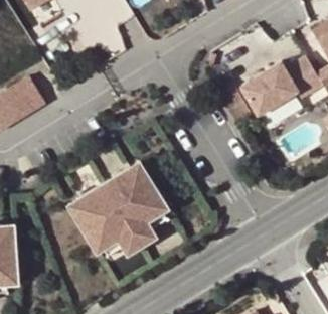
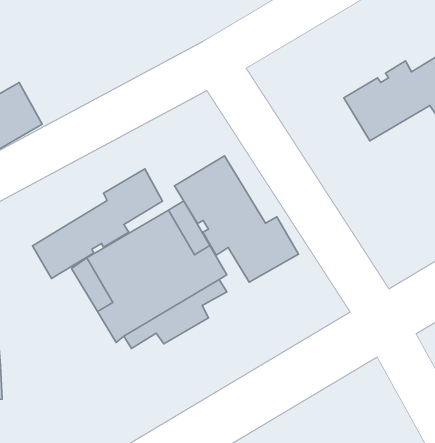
building: none -> [174,156,298,282]
building: none -> [32,169,163,278]

